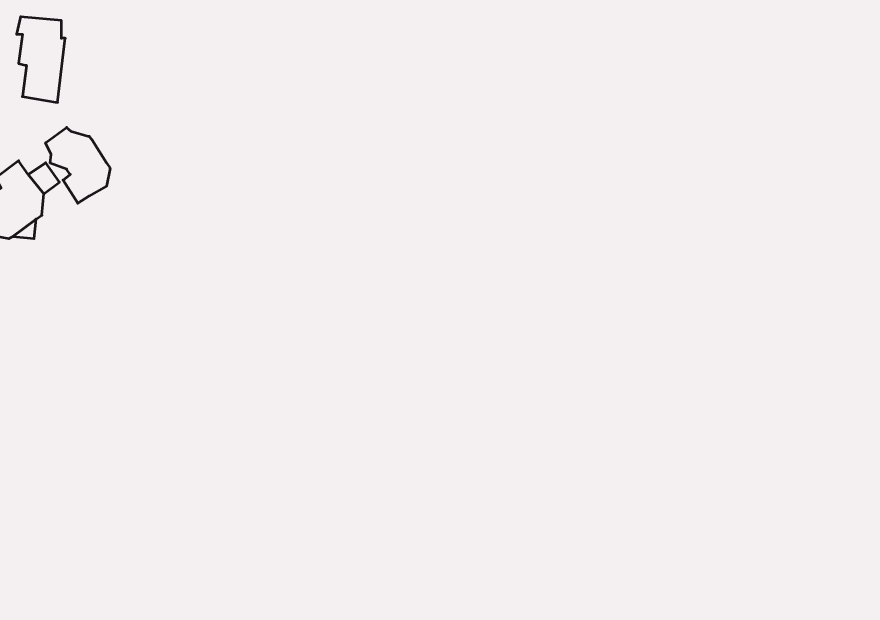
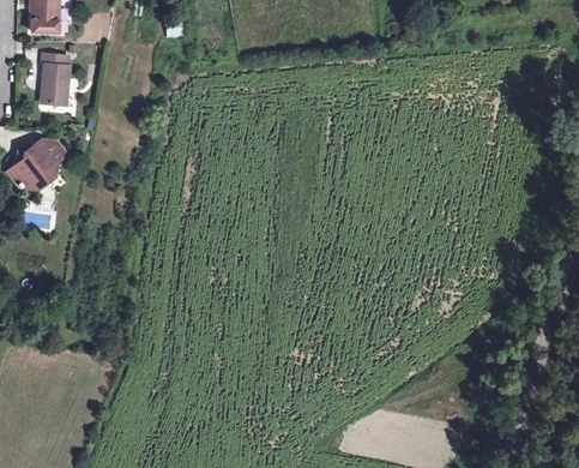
building: [46,127,110,203] -> none

